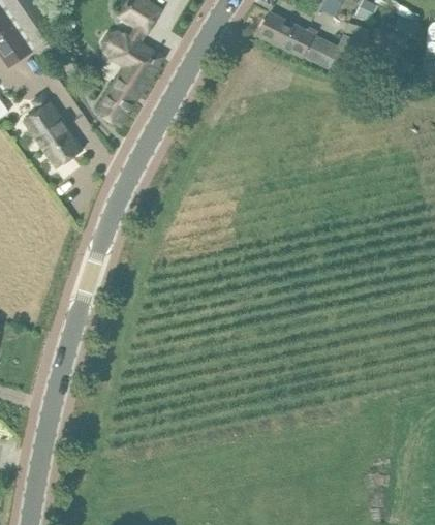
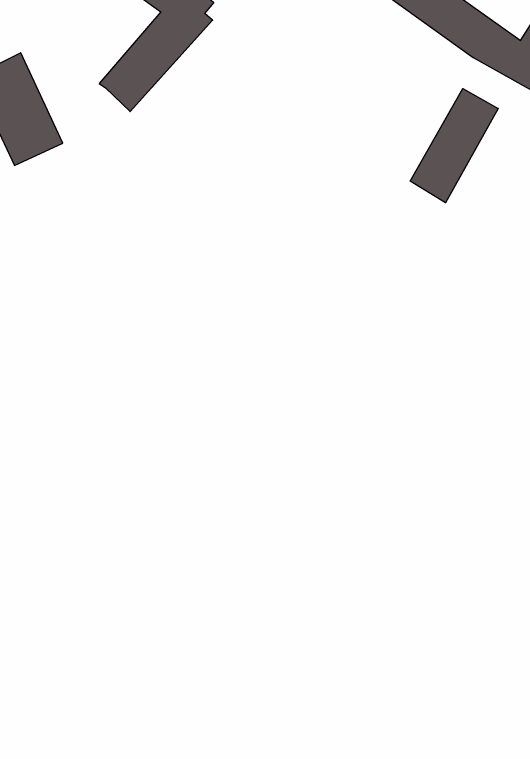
building: none -> [410,89,498,203]

